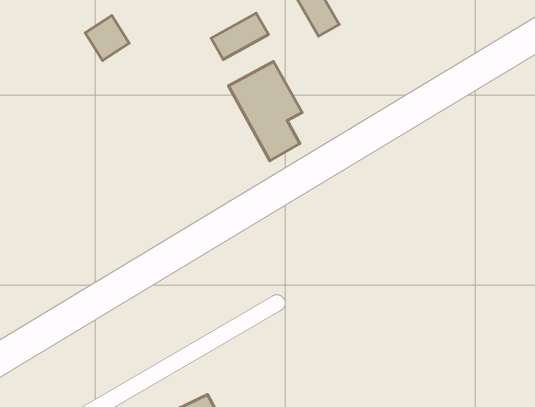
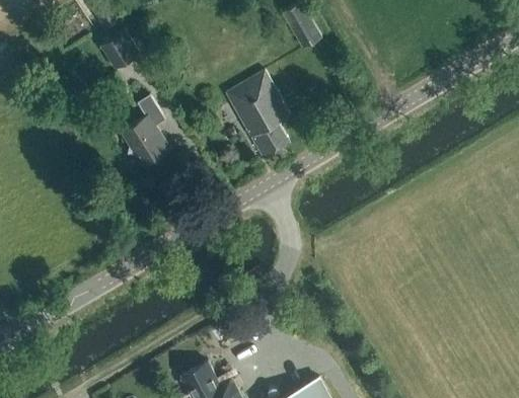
building: [211,13,268,60] -> none
building: none -> [119,96,171,168]

